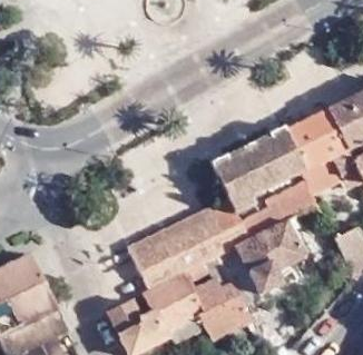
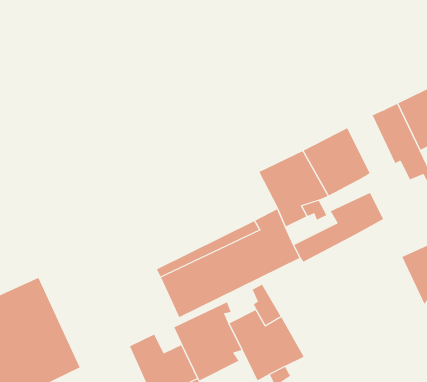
building: [288,118,339,193] -> none
building: [236,216,305,296] -> none

